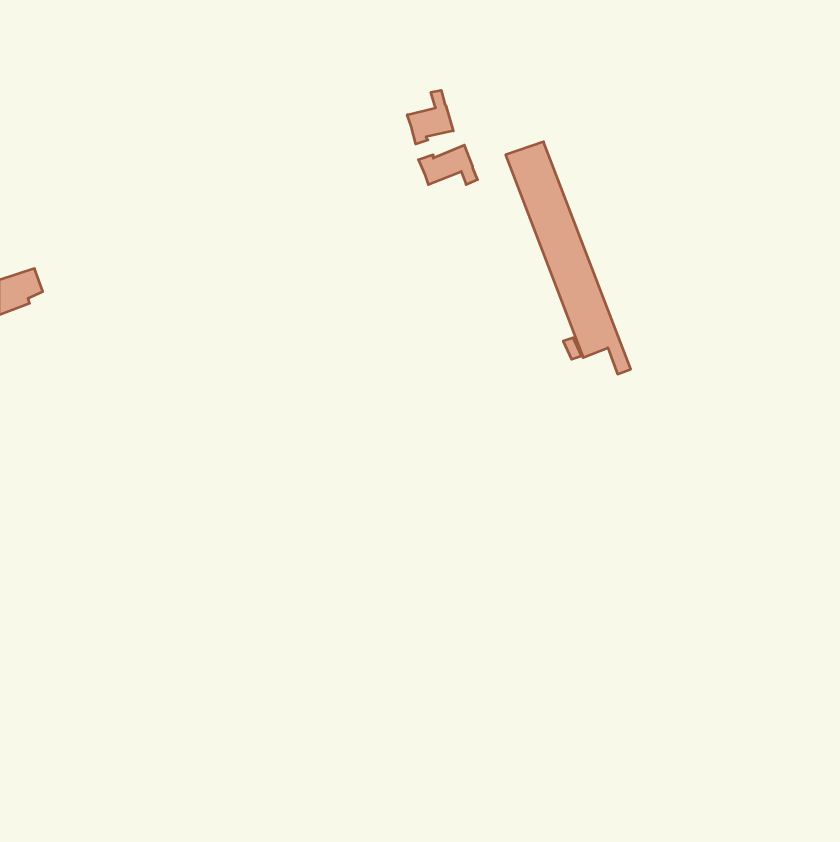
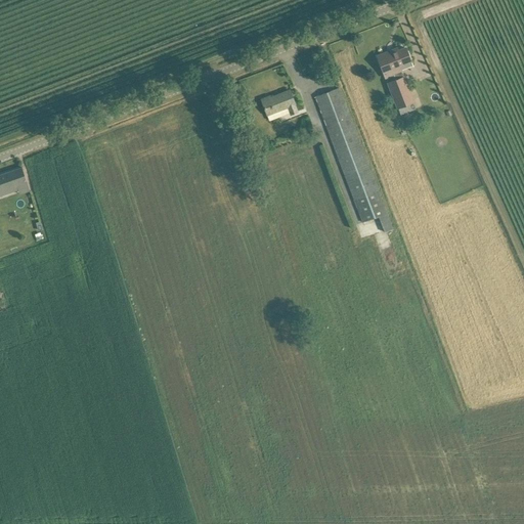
building: none -> [377,48,414,110]
building: [407,90,453,144] -> none

